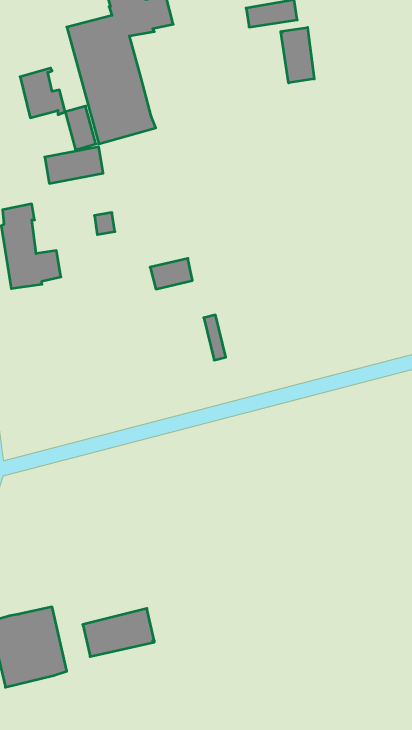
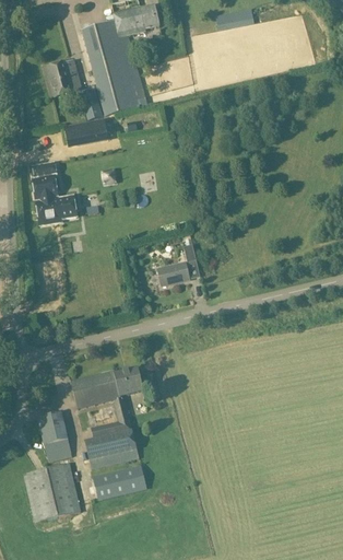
building: [281,27,314,83] -> none
building: [150,258,192,289] -> [157,262,189,285]
building: none -> [70,368,143,468]
building: none -> [37,411,72,462]

